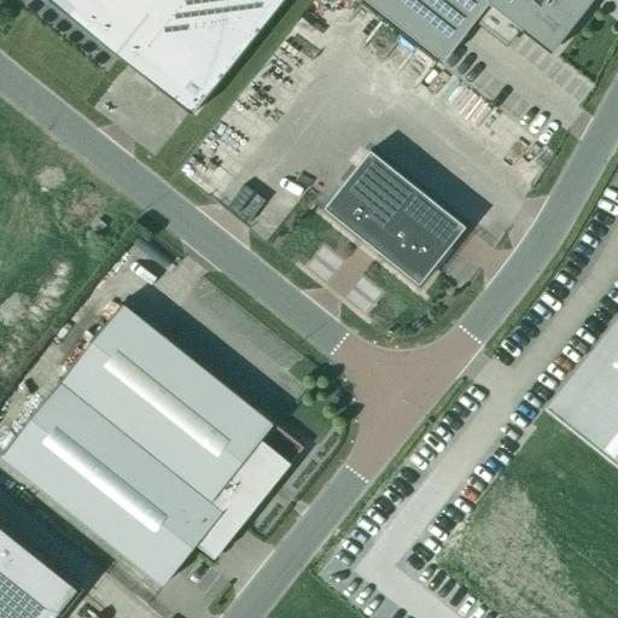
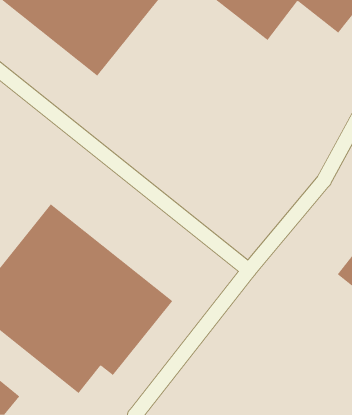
building: [325,151,465,284] -> none

